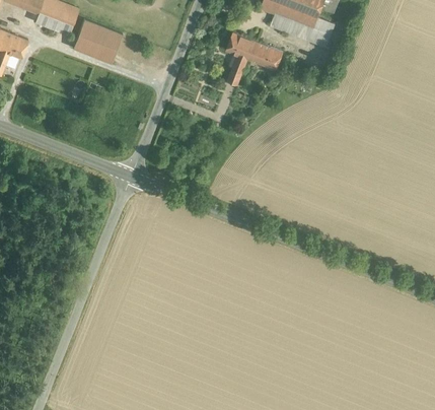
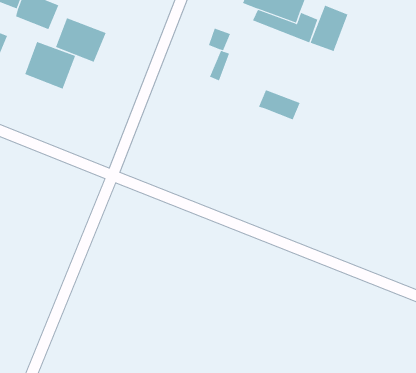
building: none -> [310,5,348,52]
building: [240,38,282,68] -> [258,89,300,120]
building: none -> [25,41,76,89]

